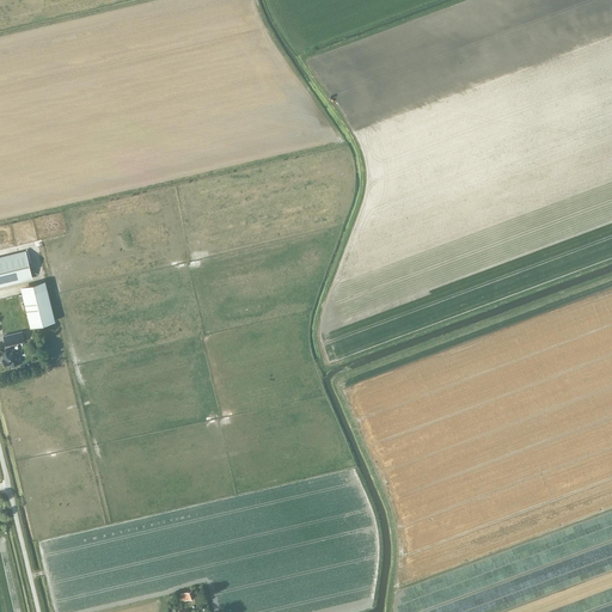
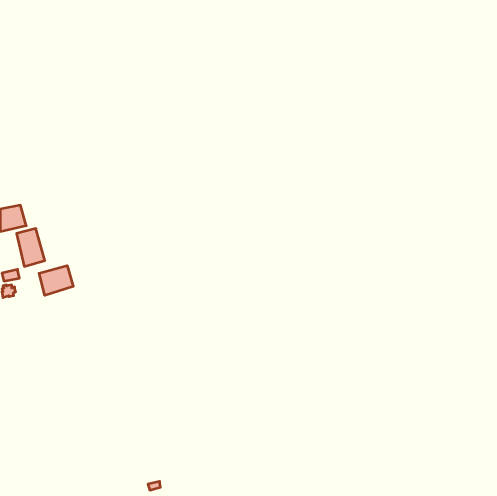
building: none -> [39,266,73,295]

